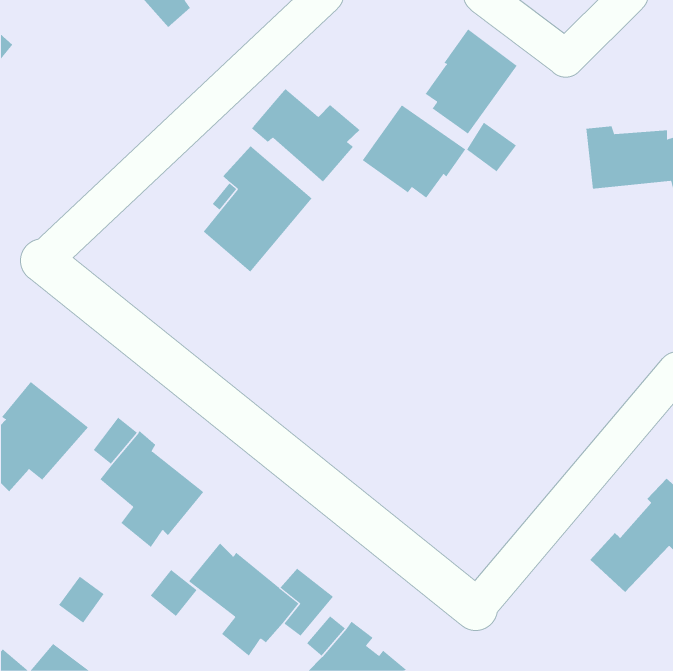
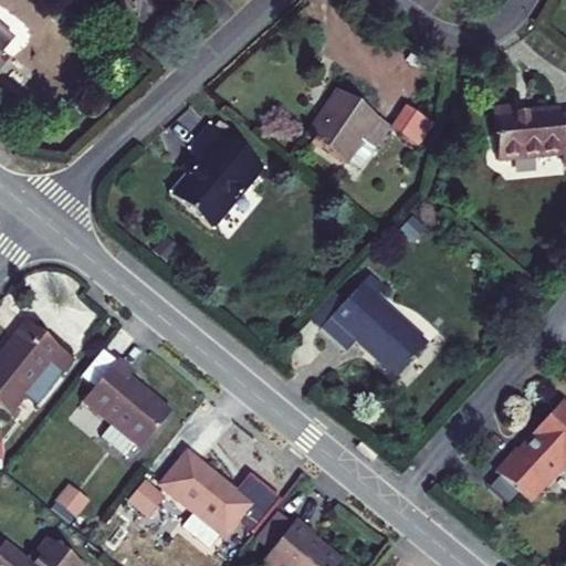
building: [425,29,517,135] -> none
building: [250,88,360,182] -> none
building: none -> [322,273,428,377]

